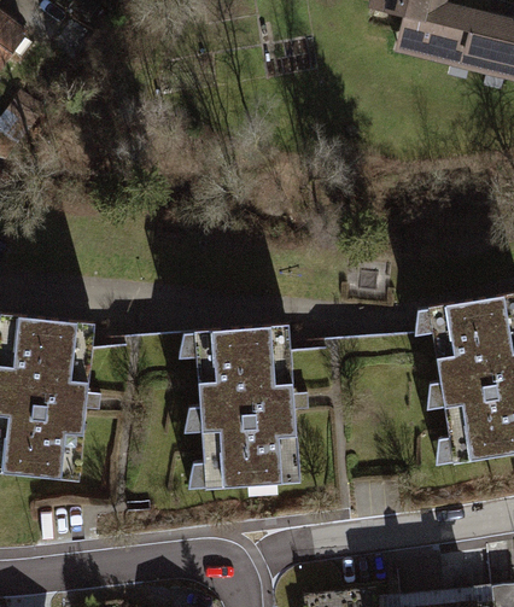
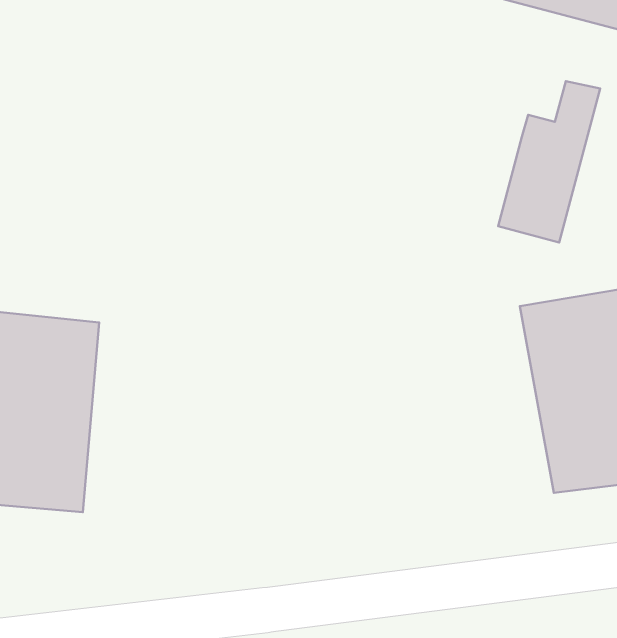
building: none -> [498,81,600,243]
building: [193,323,297,486] -> none

